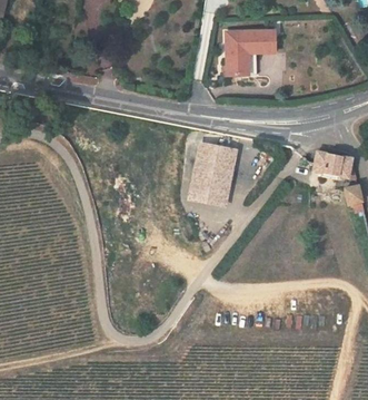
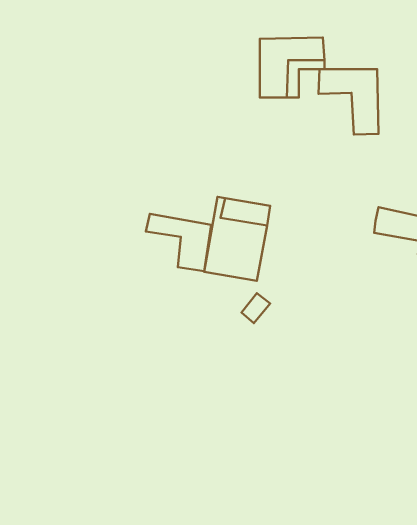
building: none -> [319,69,378,134]
building: none -> [146,214,211,271]

